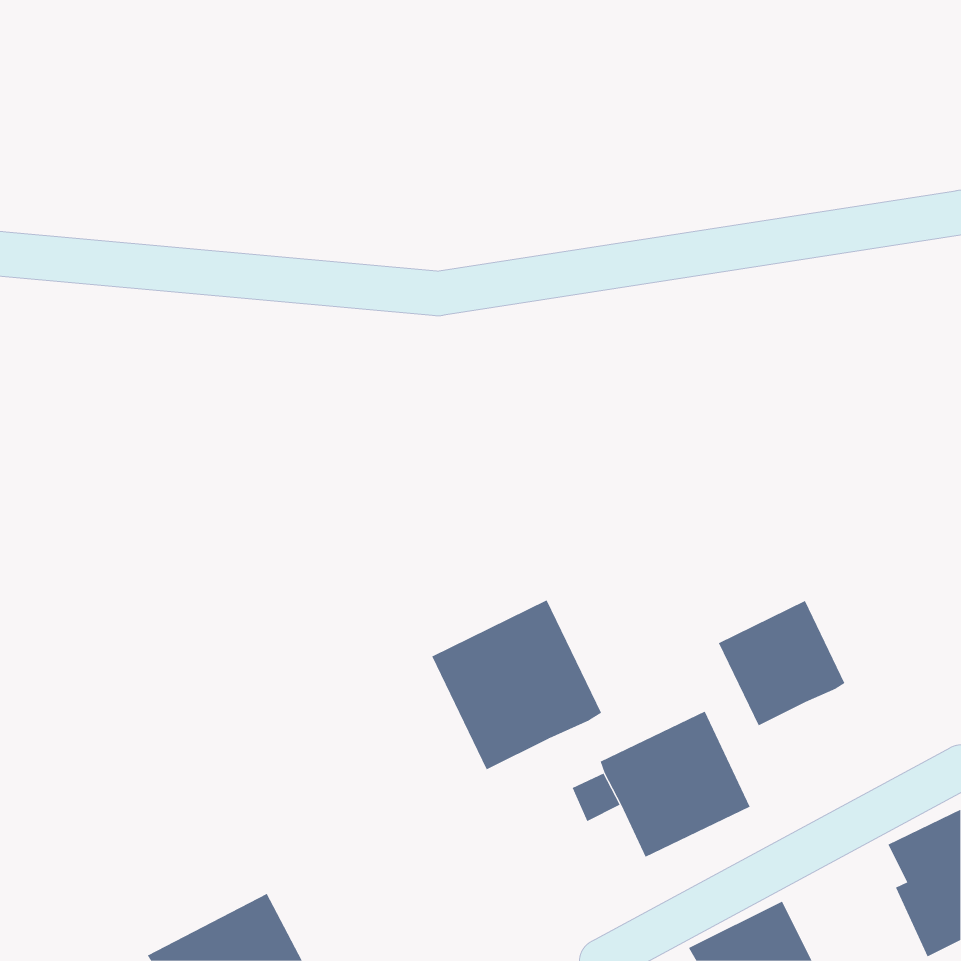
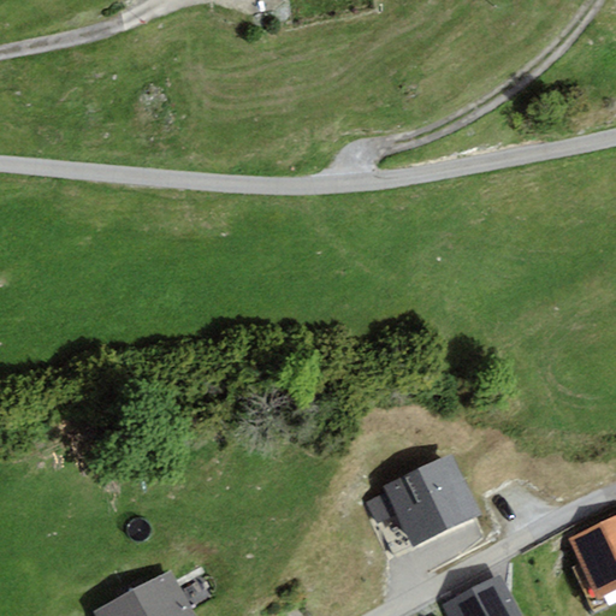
building: [432,599,602,770] -> none
building: [718,600,845,726] -> none

